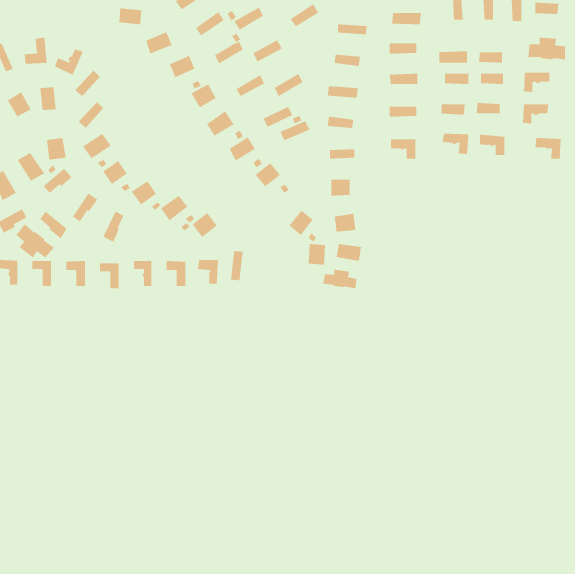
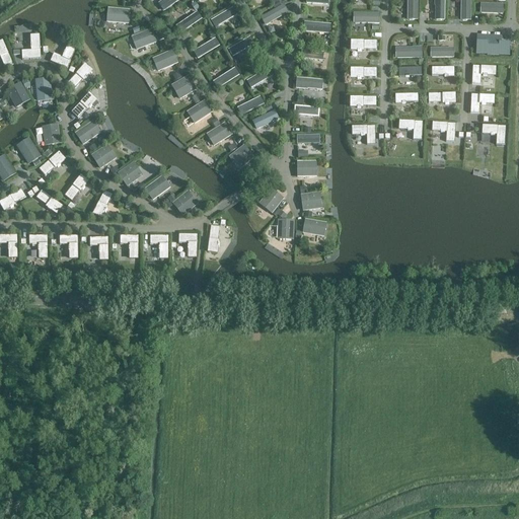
building: [16,223,55,258] -> none
building: [322,269,357,289] -> none

